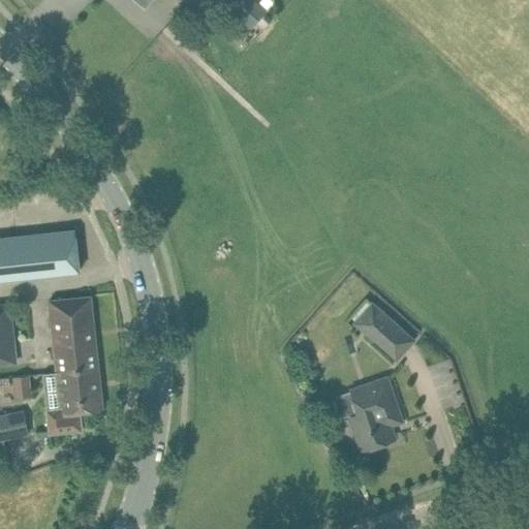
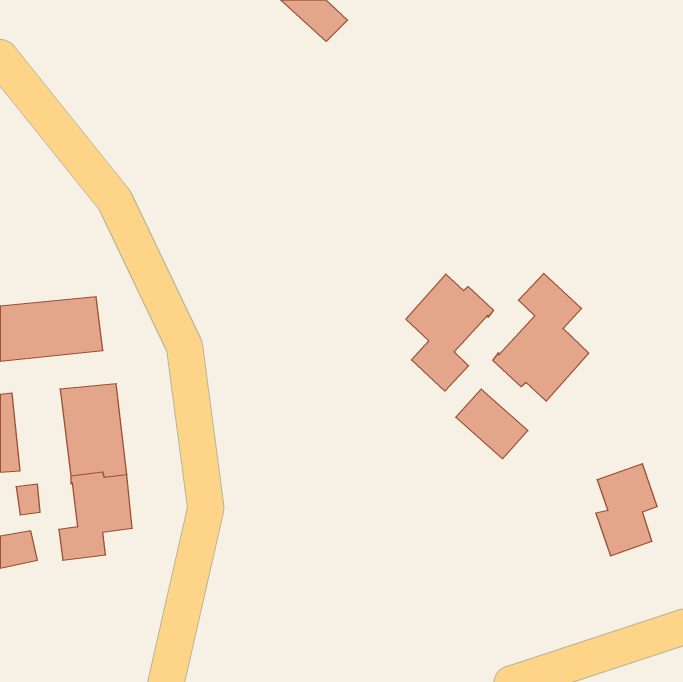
building: none -> [493,273,589,401]
building: none -> [406,274,493,391]
building: [350,379,398,450] -> [596,464,657,556]

